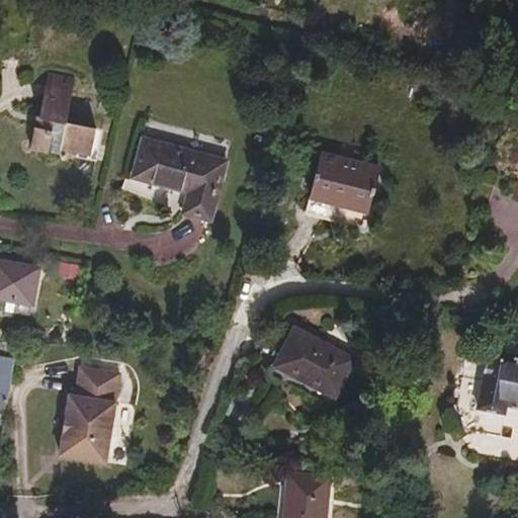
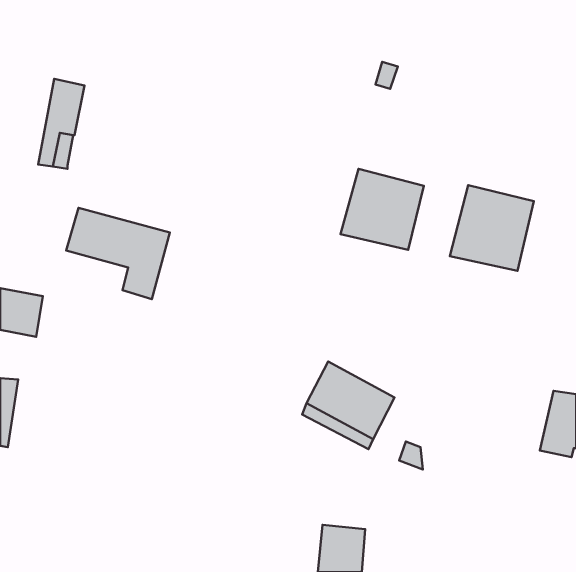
building: [61,121,96,154] -> none
building: [134,137,227,219] -> [66,208,170,299]
building: none -> [450,185,534,271]
building: [59,367,118,459] -> none

